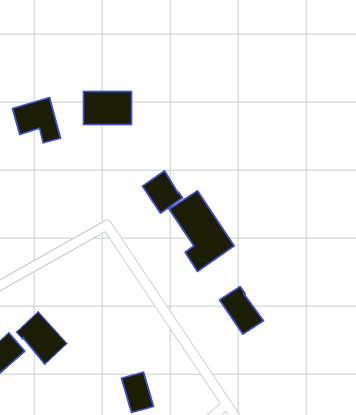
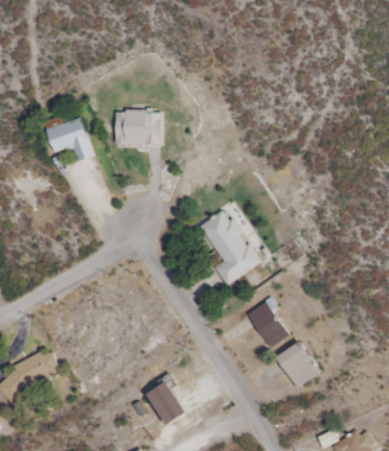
building: [143,171,183,213] -> none
building: [16,312,67,364] -> none
building: none -> [276,342,320,387]

